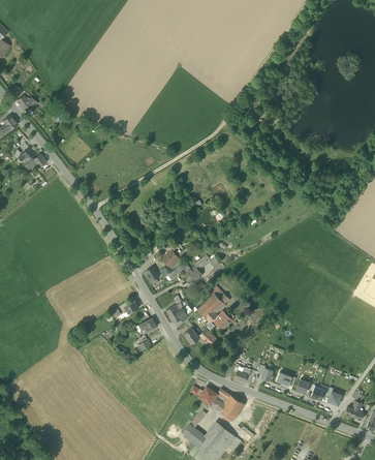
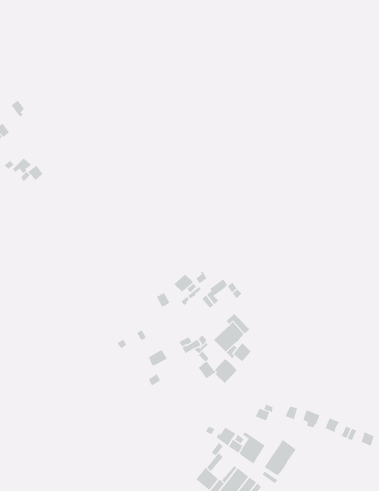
building: none -> [264,439,296,476]

